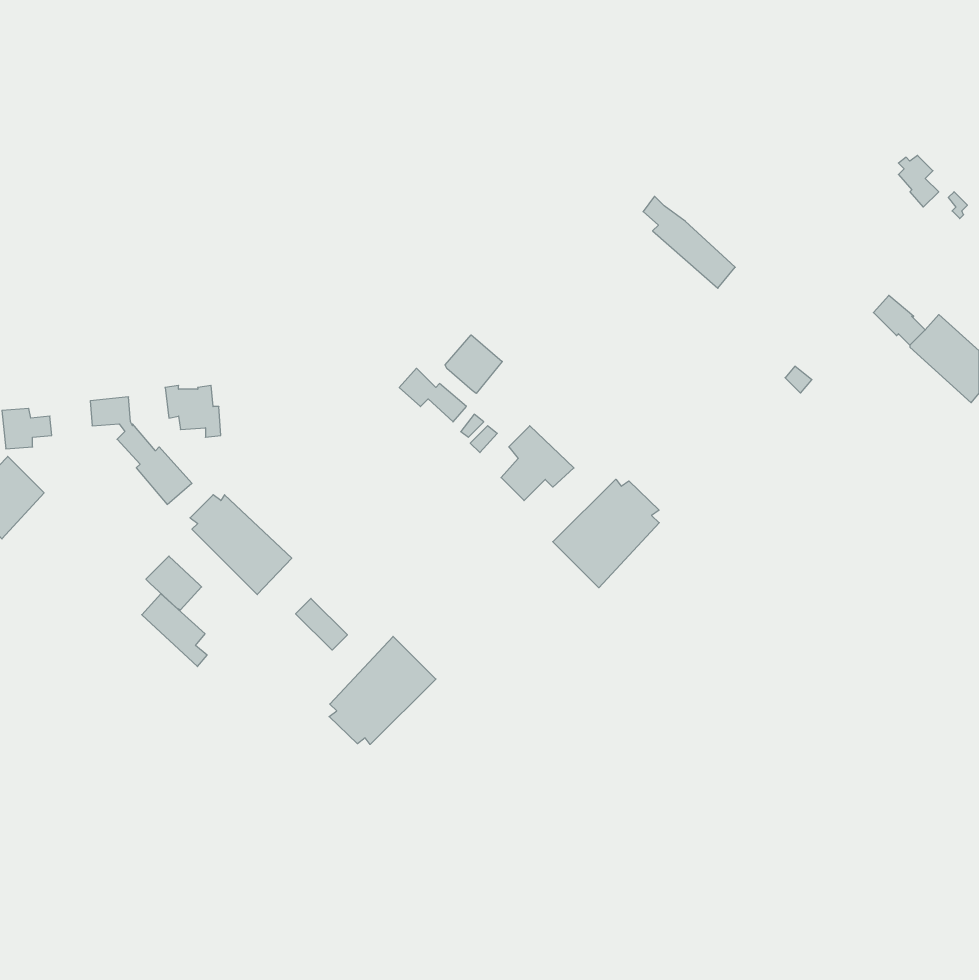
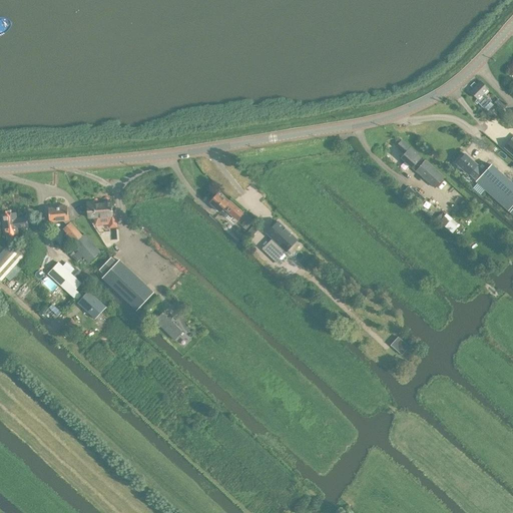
building: [643,196,735,288] -> [395,139,443,187]
building: [445,335,502,393] -> none
building: [553,479,659,588] -> none
building: [142,594,207,667] -> [47,263,81,301]
building: [329,636,436,744] -> none

